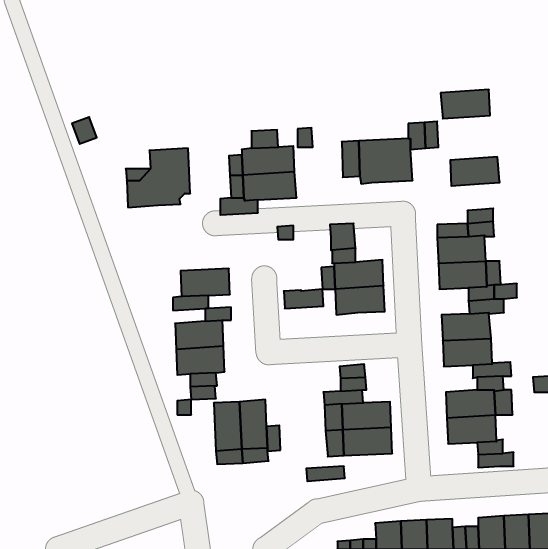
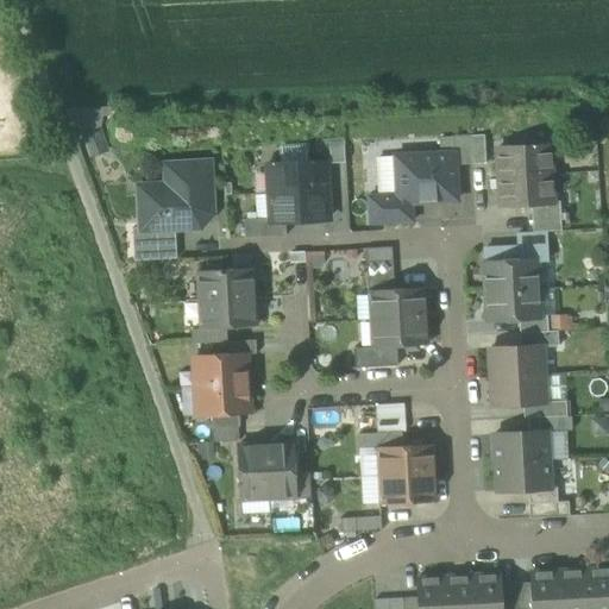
building: [441,90,490,119] -> [497,145,552,177]
building: none -> [369,195,414,224]
building: none -> [532,201,563,232]
building: none -> [133,227,177,260]
building: none -> [200,269,255,300]
building: [284,289,323,308] -> [354,346,398,368]

